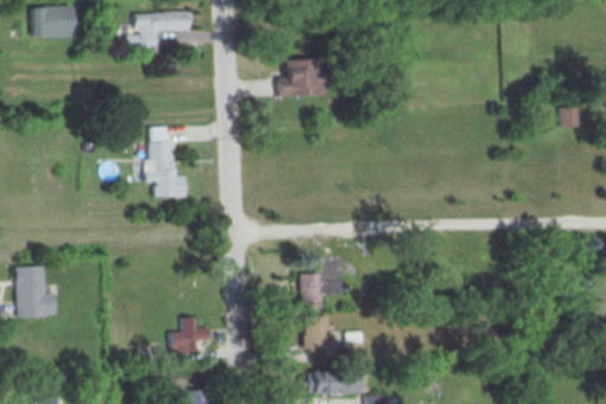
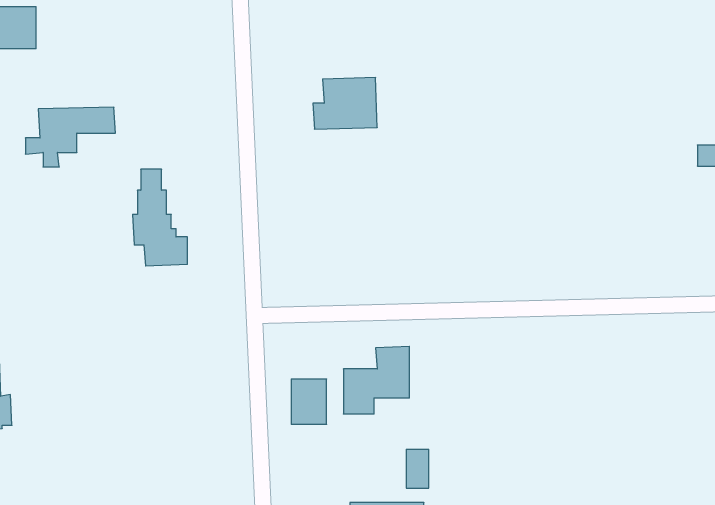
building: [127,12,193,56] -> [25,107,115,167]
building: [304,316,330,350] -> [291,379,327,424]
building: [171,318,212,353] -> none

